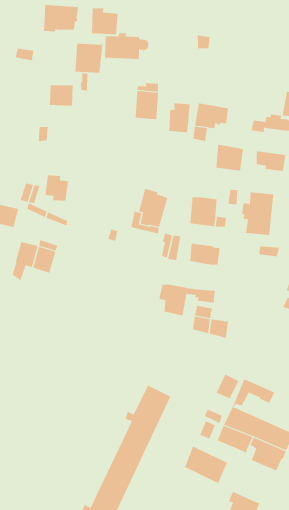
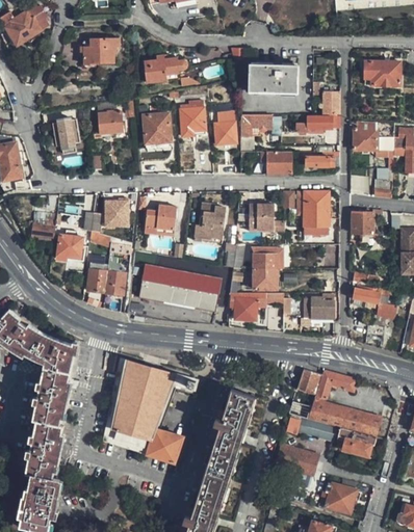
building: [91,8,118,35] -> none
building: [75,43,103,73] -> [144,112,171,142]
building: none -> [249,63,300,91]
building: none -> [57,119,81,148]
building: none -> [146,205,178,234]
building: none -> [140,265,223,312]
building: none -> [255,266,278,288]
building: none -> [306,295,334,317]
building: none -> [103,361,196,462]

